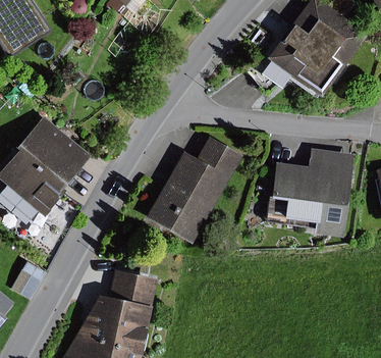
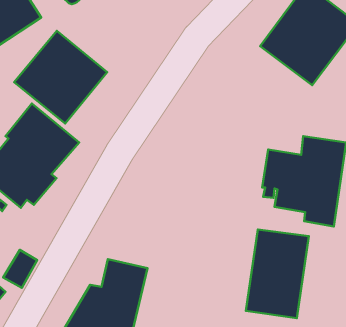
building: none -> [14,31,107,124]
building: [147,137,243,244] -> none
building: none -> [246,229,309,318]

